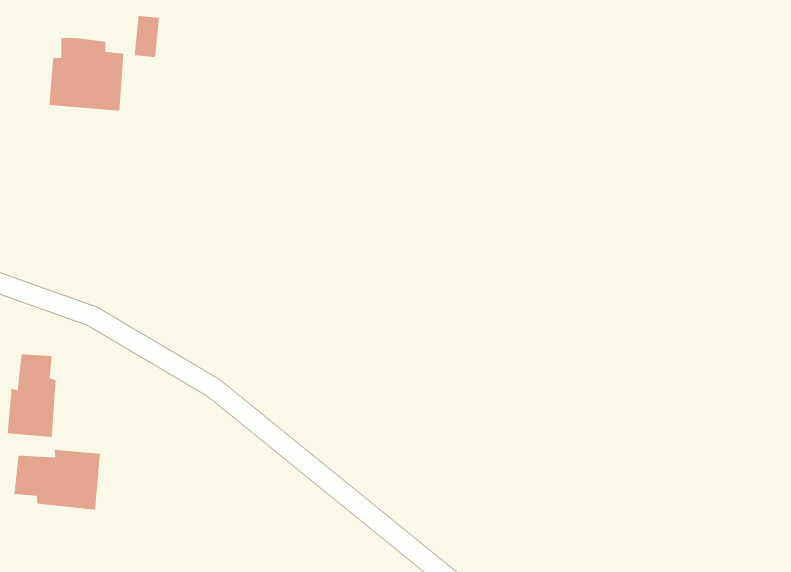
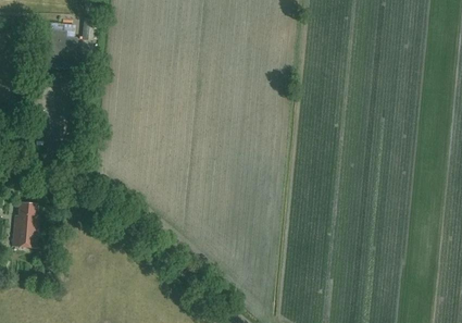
building: [14,449,100,511] -> none

